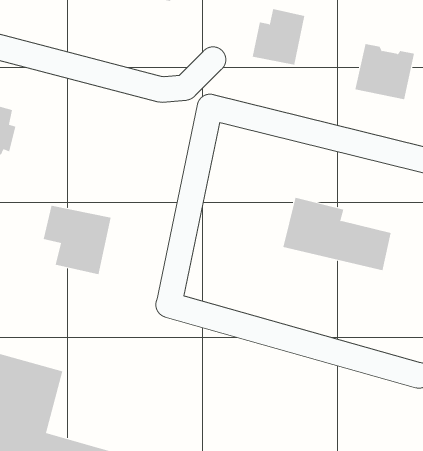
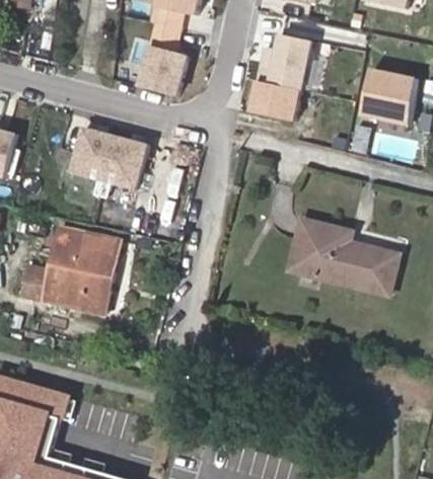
building: none -> [137,46,185,97]
building: none -> [248,82,298,123]
building: none -> [75,127,153,198]
building: none -> [20,263,106,315]

